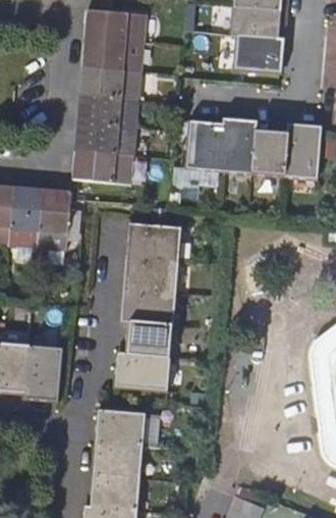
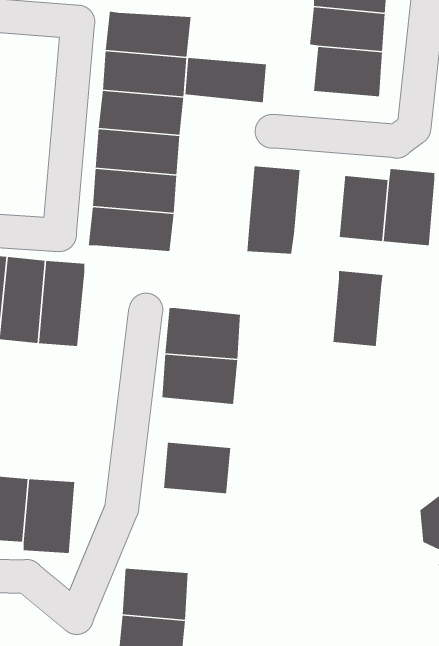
building: none -> [184,57,267,103]
building: [220,117,257,172] -> [333,270,384,347]
building: [121,288,176,323] -> none
building: [116,353,171,390] -> none

